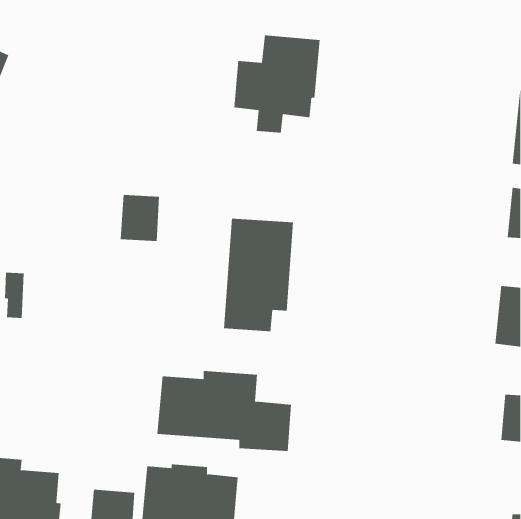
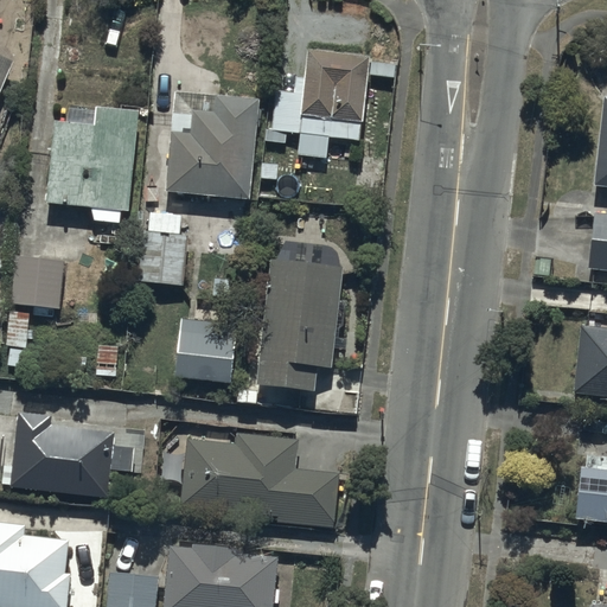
building: none -> [168,94,258,197]
building: none -> [47,103,136,223]
building: none -> [11,266,63,319]
building: none -> [177,321,237,379]
building: none -> [11,410,143,497]

